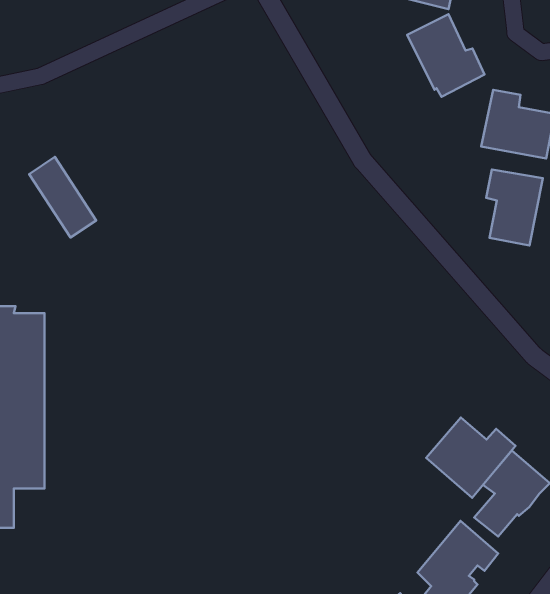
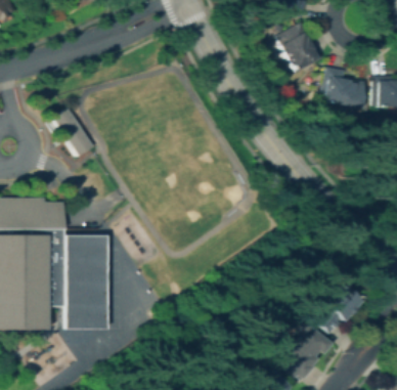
building: [486,170,543,245] -> none
building: none -> [62,234,104,328]
building: [426,417,515,498] -> none

